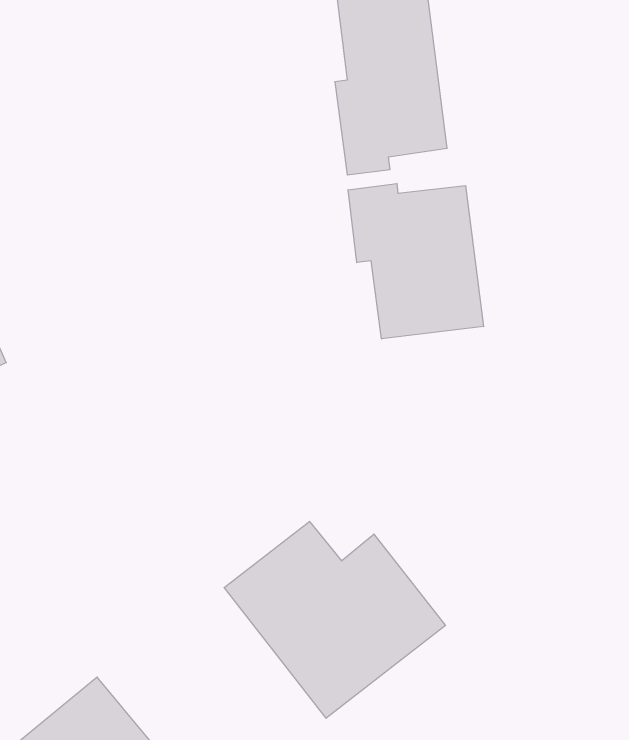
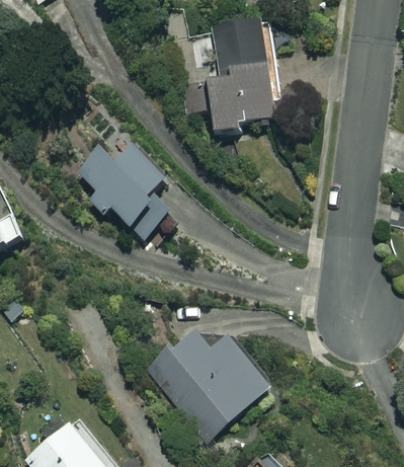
building: [348,183,484,339] -> none
building: none -> [79,143,168,238]

